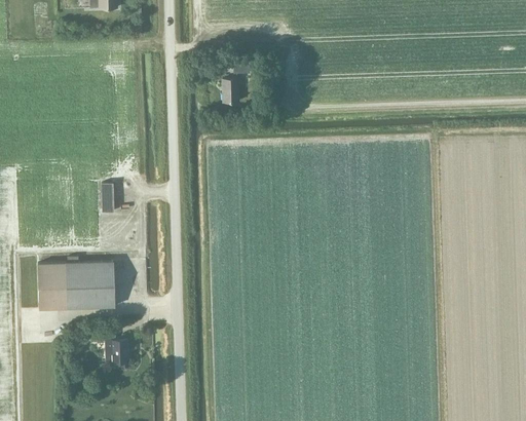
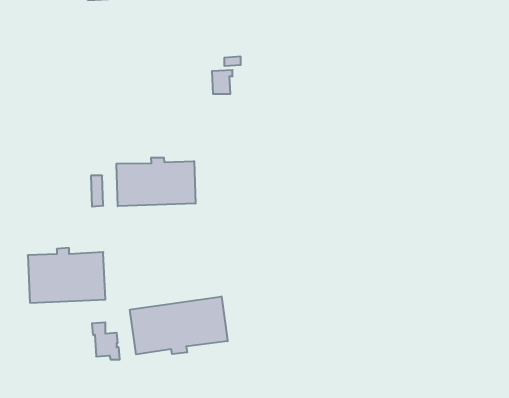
building: none -> [117,158,195,206]
building: none -> [130,296,228,354]

